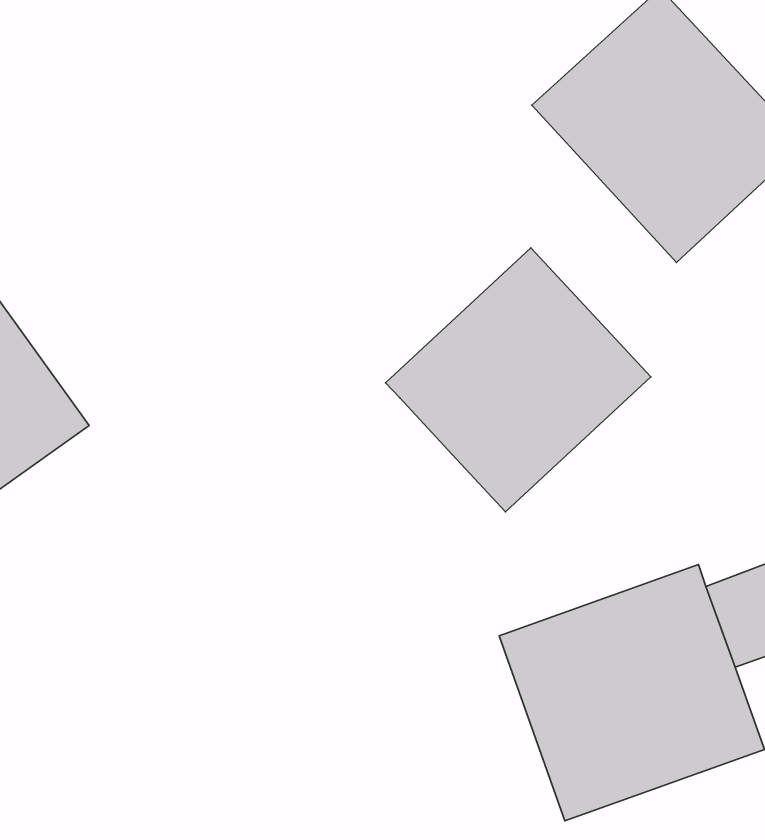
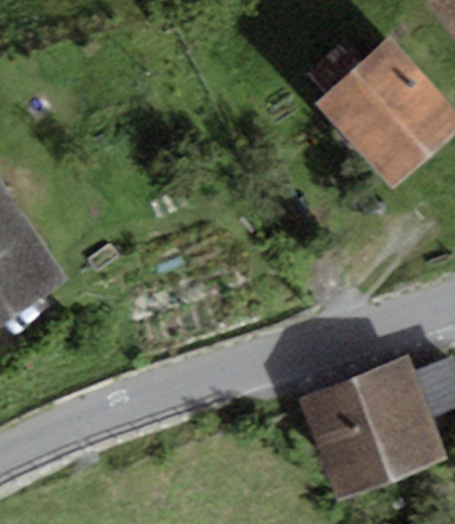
building: [385,248,651,512] -> none

